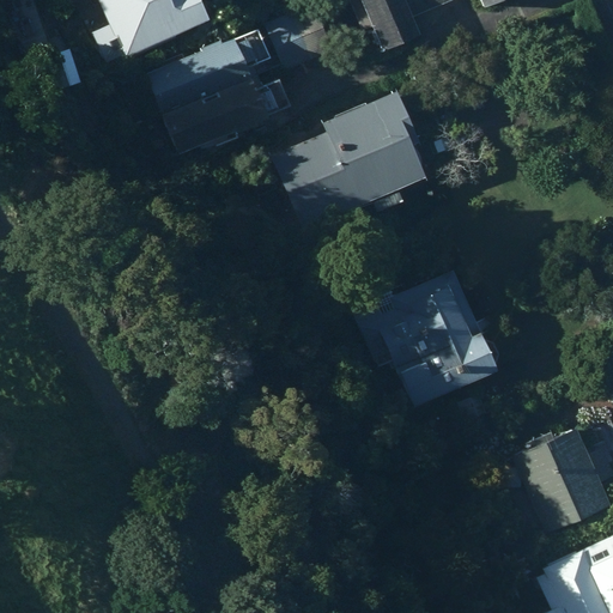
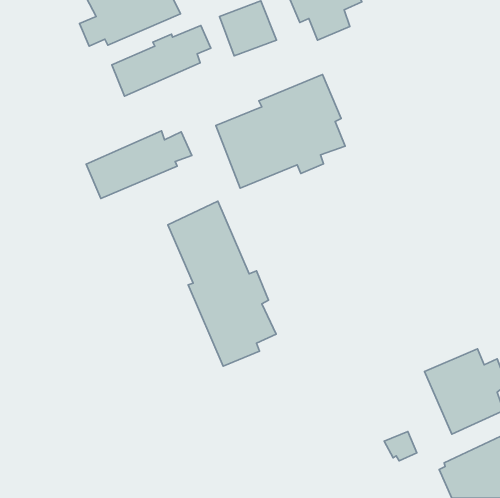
building: [153,77,283,159] -> [86,131,192,199]
building: none -> [168,201,276,366]
building: [347,265,506,402] -> none

